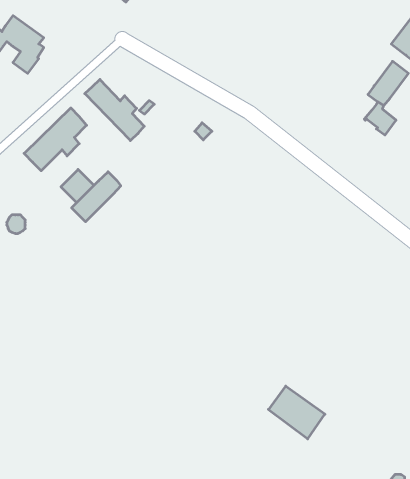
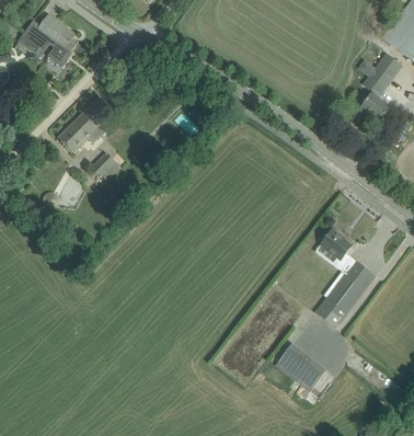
building: [85,79,144,141] -> none
building: [72,172,121,222] -> none
building: none -> [315,228,376,328]

